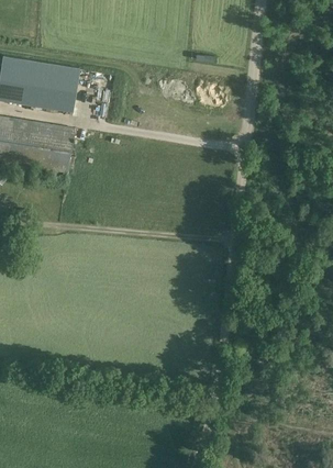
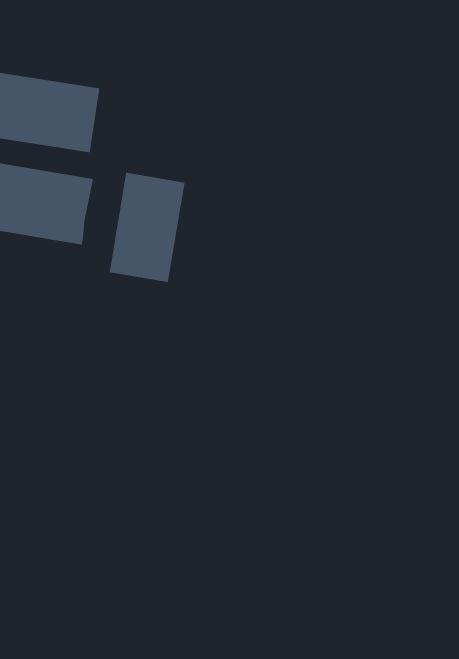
building: none -> [109,172,185,283]

